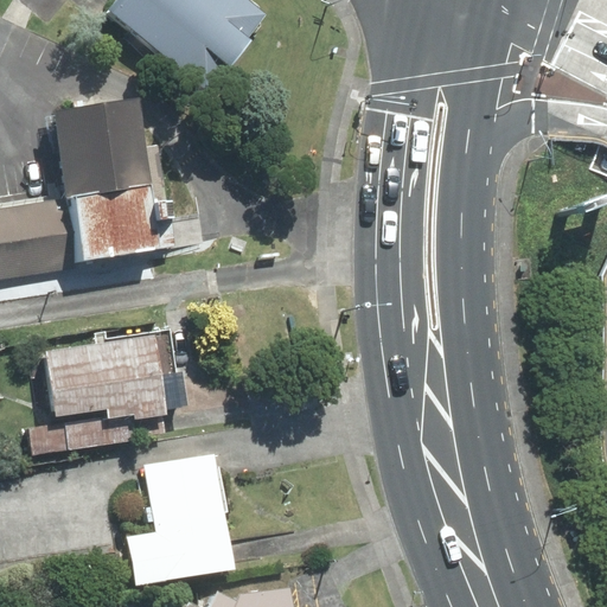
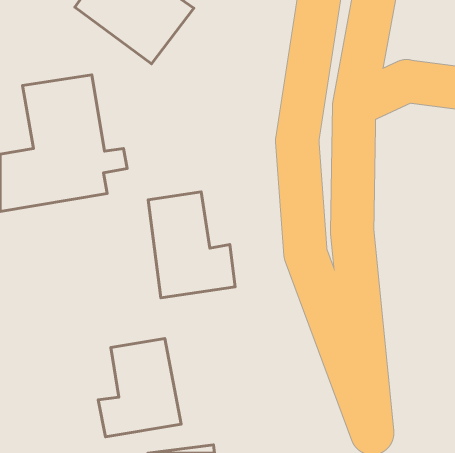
building: none -> [148,192,235,298]
building: [23,337,183,455] -> none

